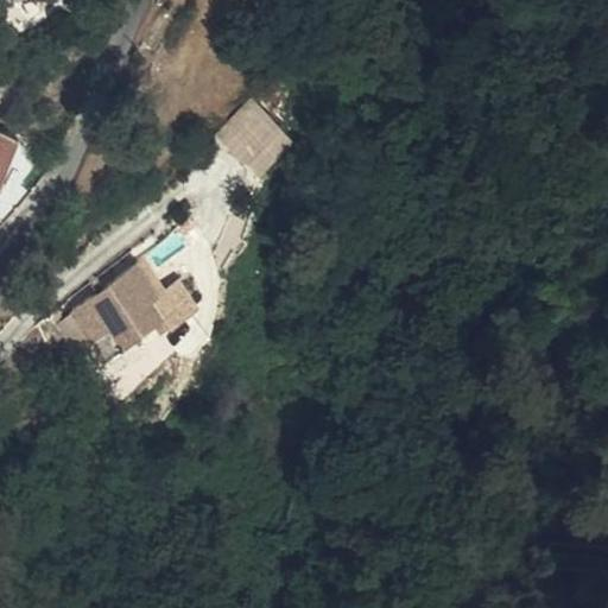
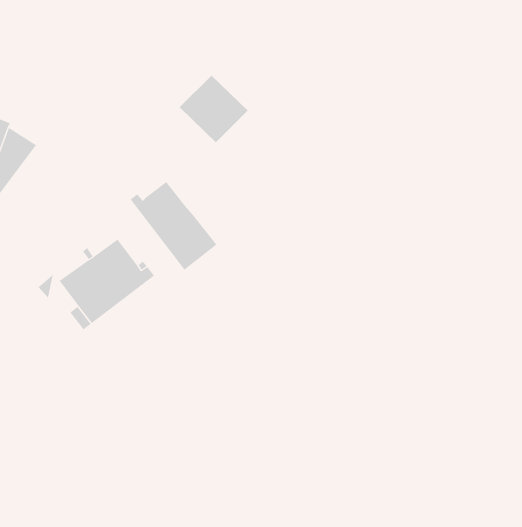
building: none -> [130,181,217,270]

